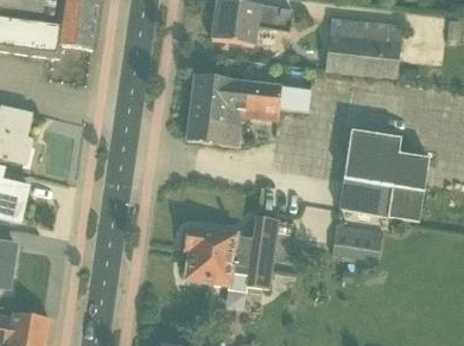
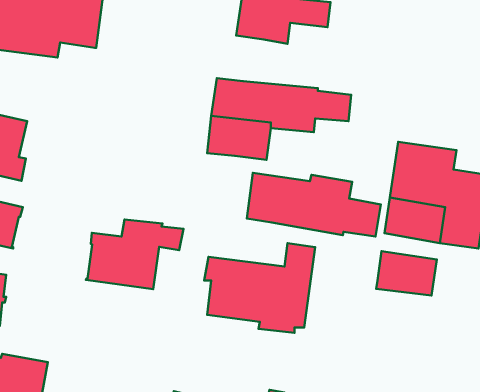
building: [324,17,403,78] -> none
building: none -> [247,173,381,236]
building: none -> [86,220,183,289]

